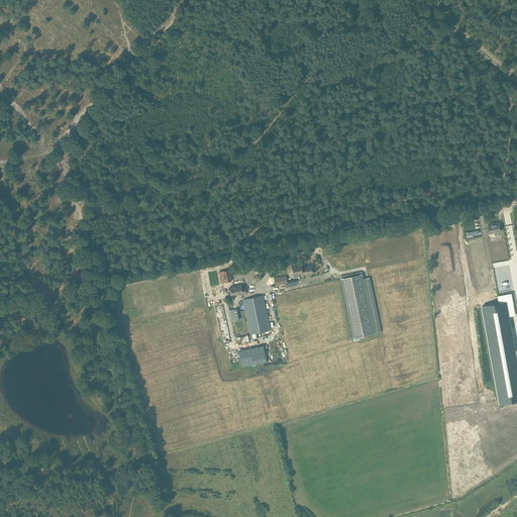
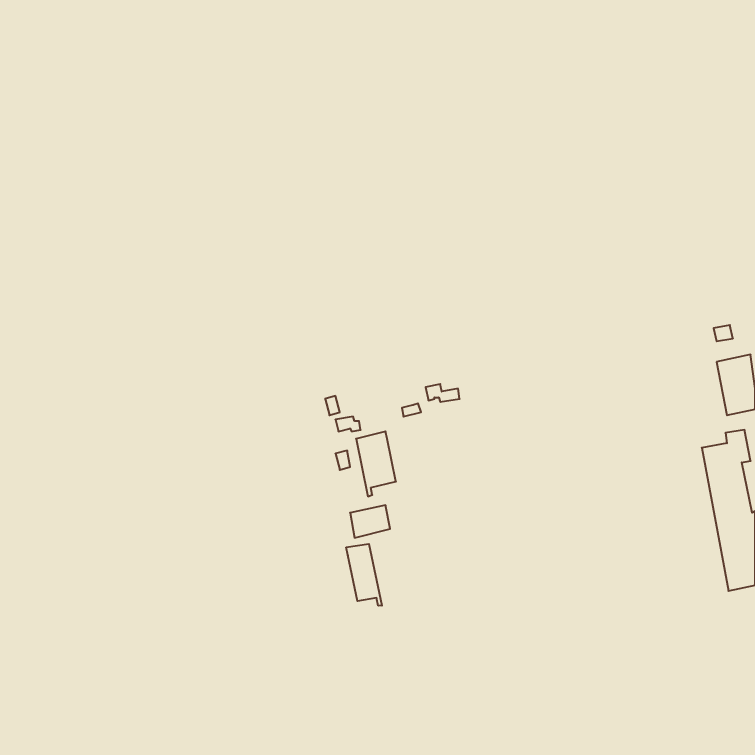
building: [340,272,381,337] -> none
building: none -> [346,544,382,606]

